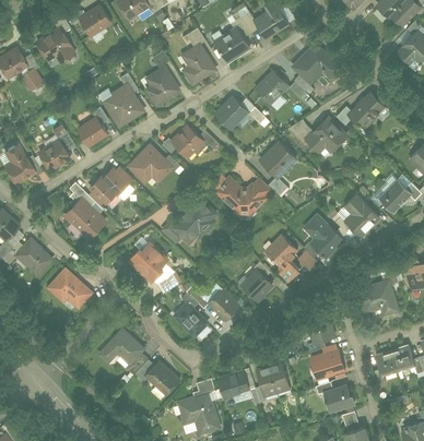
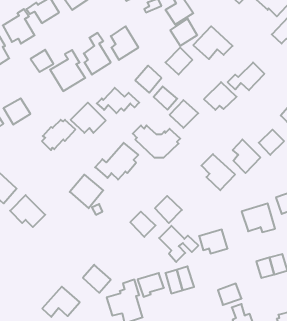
building: [214,26,250,62] -> [170,19,197,46]
building: [76,116,107,145] -> [31,50,53,72]
building: none -> [154,86,177,110]
building: [62,195,107,240] -> none
building: [264,234,317,282] -> [159,226,198,262]
building: [172,287,210,338] -> none
building: [95,326,145,367] -> [42,287,80,317]
building: [308,348,345,382] -> none

